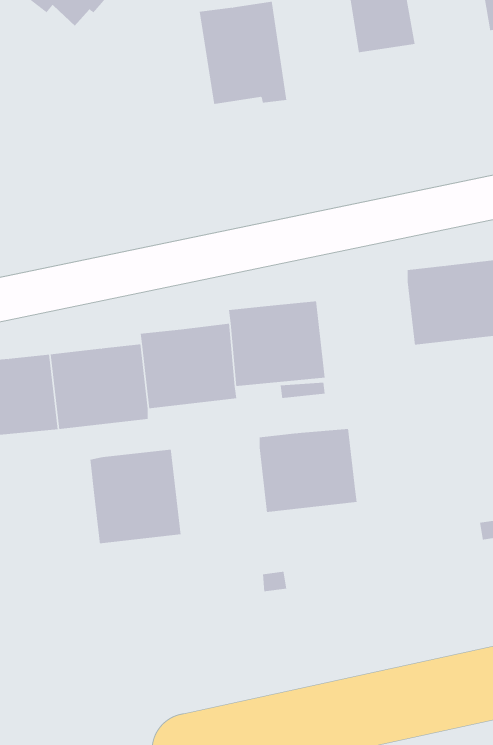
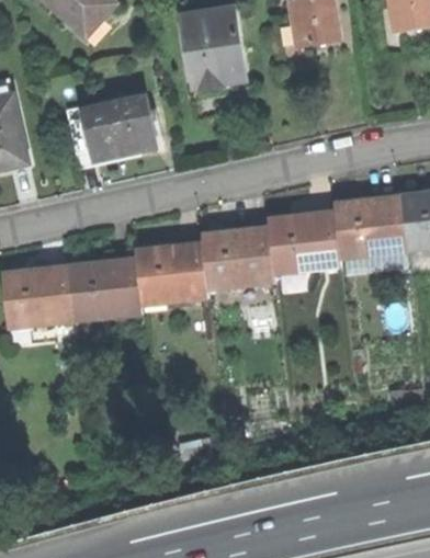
building: none -> [68,93,155,158]
building: [259,428,358,513] -> [267,213,340,275]
building: [90,449,181,544] -> none

